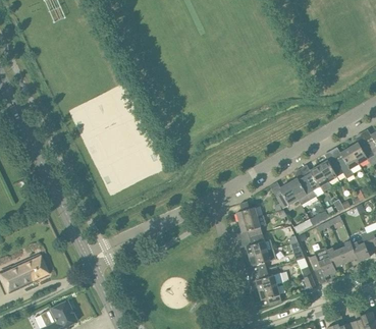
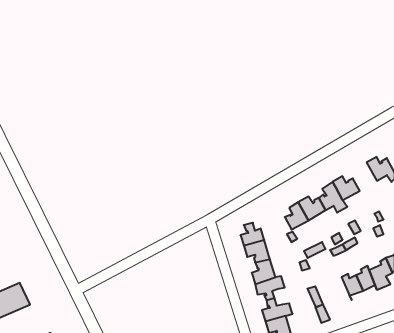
building: [337,147,362,177] -> none
building: [310,246,336,275] -> none

